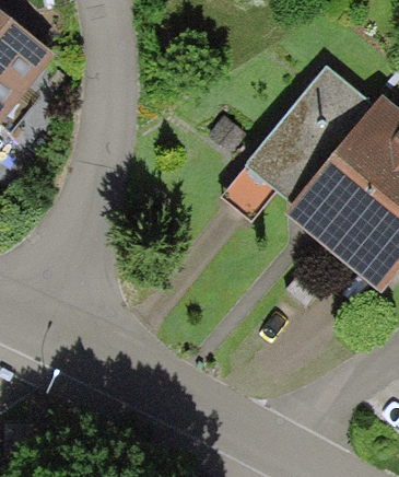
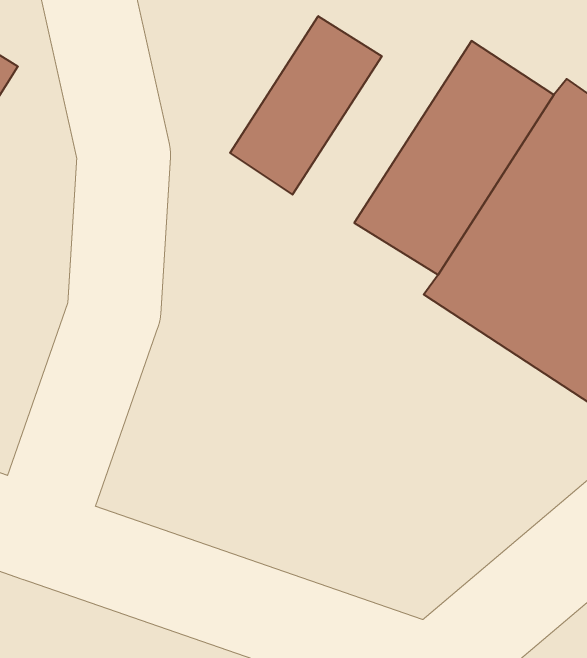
building: none -> [230,16,382,195]

